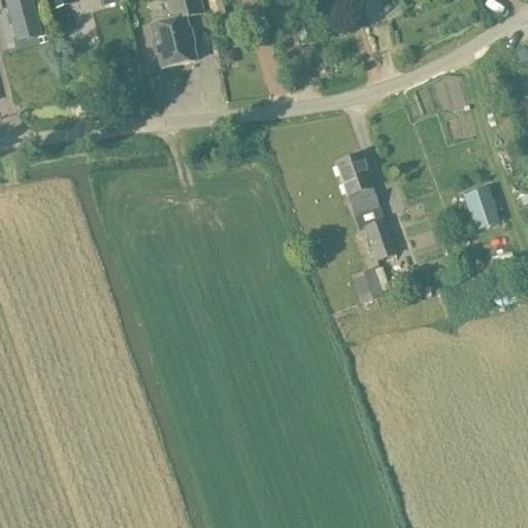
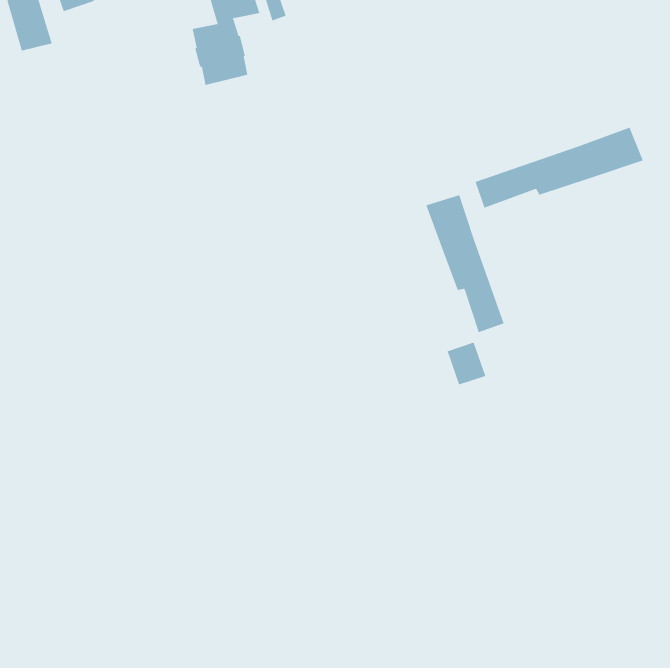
building: none -> [475,127,643,208]
building: [463,187,498,229] -> none

